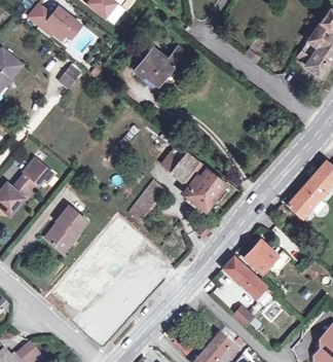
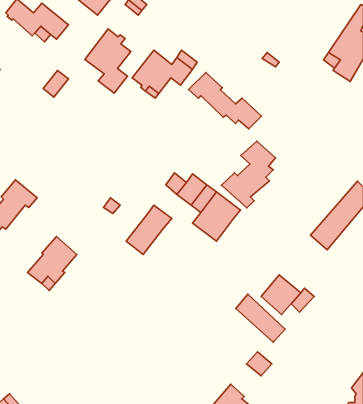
building: none -> [85,29,131,93]
building: none -> [189,72,261,129]
building: none -> [221,141,275,208]

